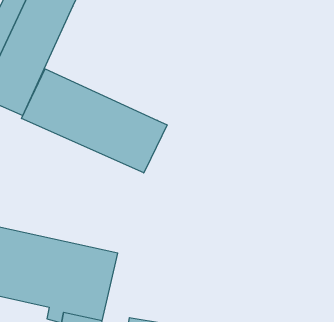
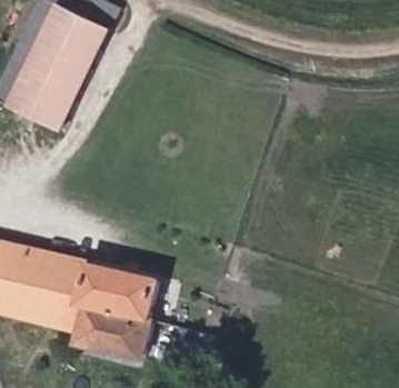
building: [22,69,167,173] -> none

